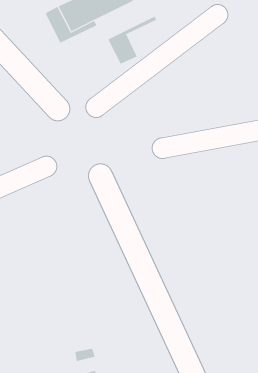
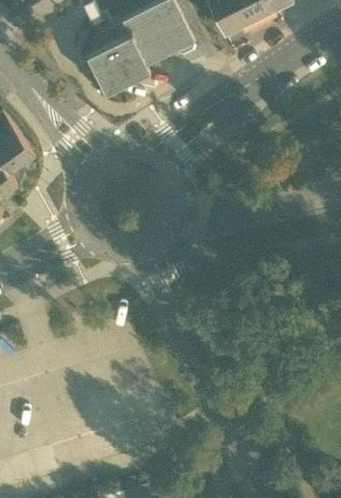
building: [108,16,157,65] -> none

